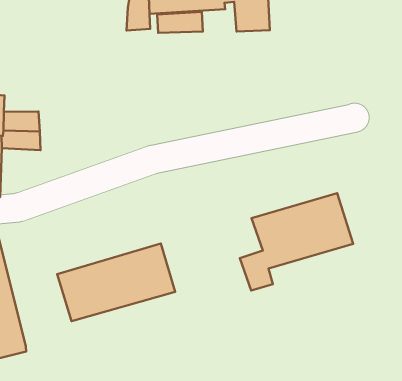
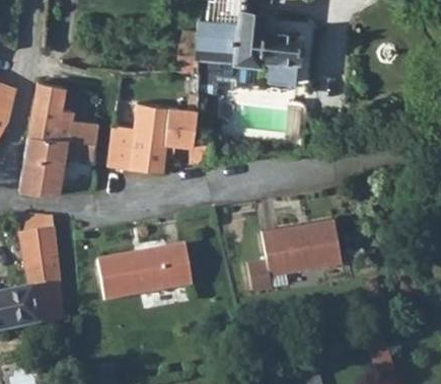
building: none -> [108,98,212,170]

